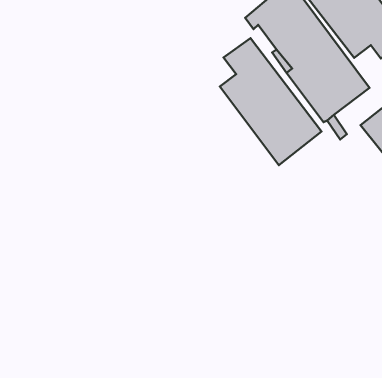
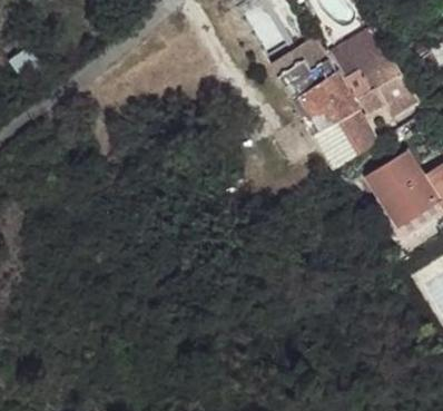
building: [220,38,321,165] -> none

